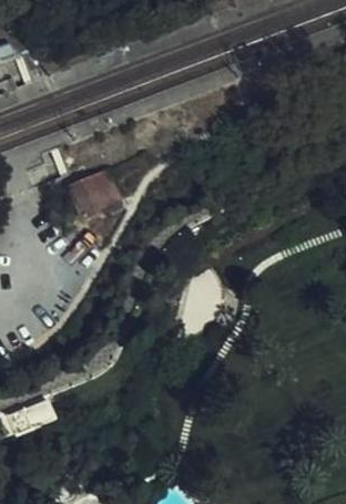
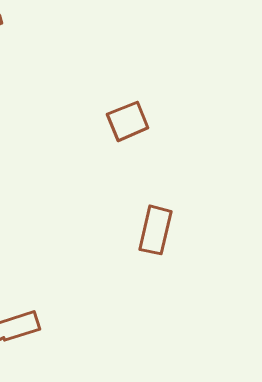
building: [64,175,113,222] -> [107,102,148,141]

